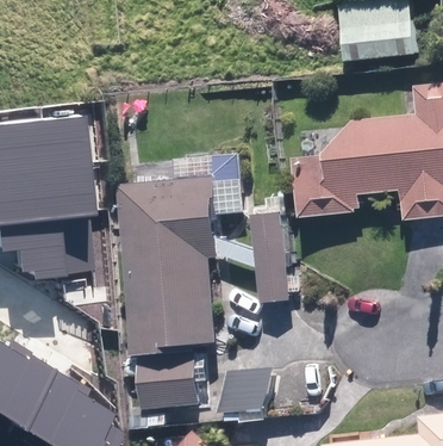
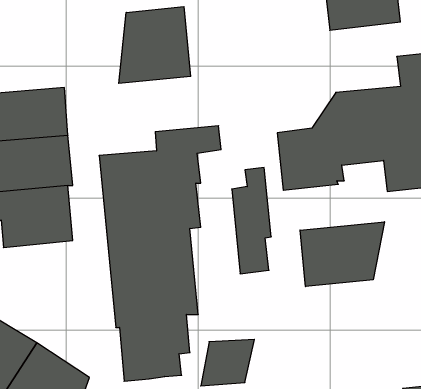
building: none -> [119,7,191,83]
building: none -> [300,222,384,287]

